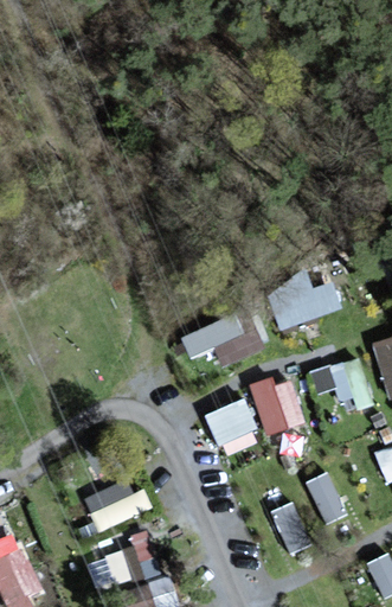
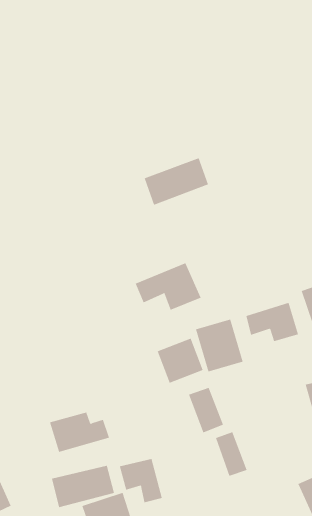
building: [270,277,343,332] -> [144,157,209,205]
building: [306,472,346,524] -> [188,387,224,433]
building: none -> [119,458,162,503]

